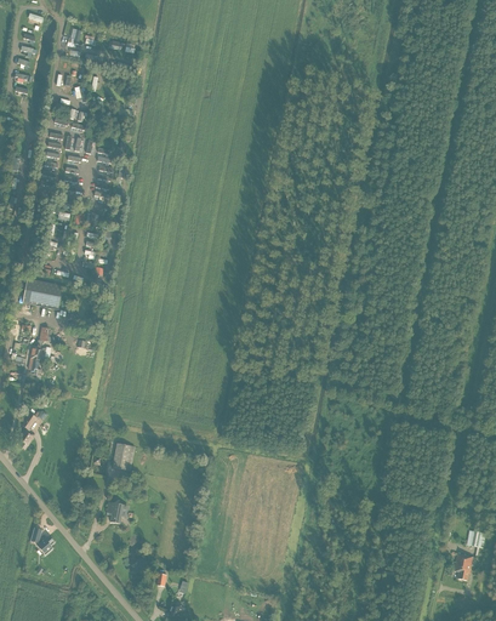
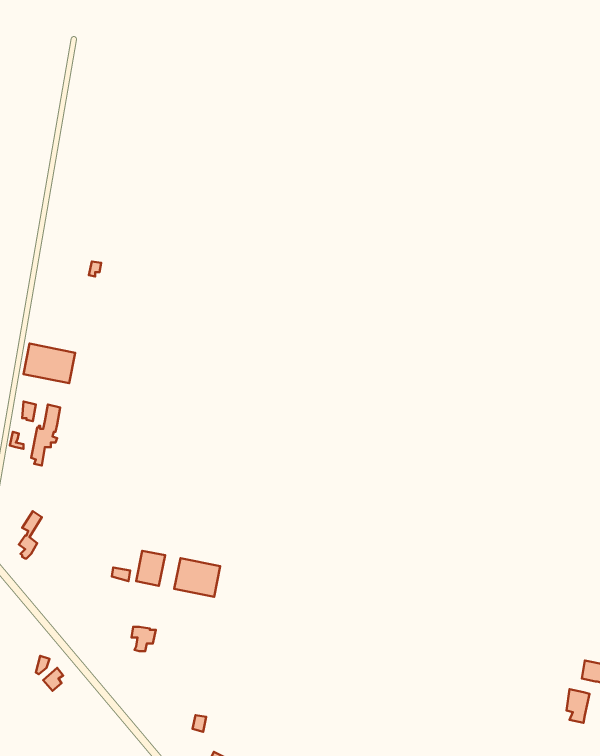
building: none -> [174,558,220,597]

